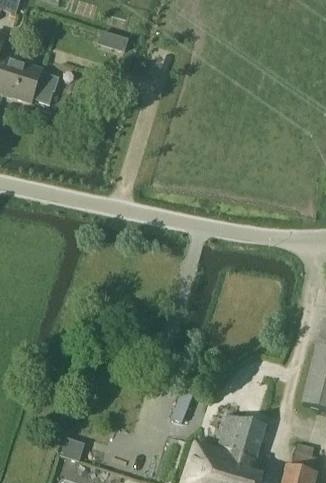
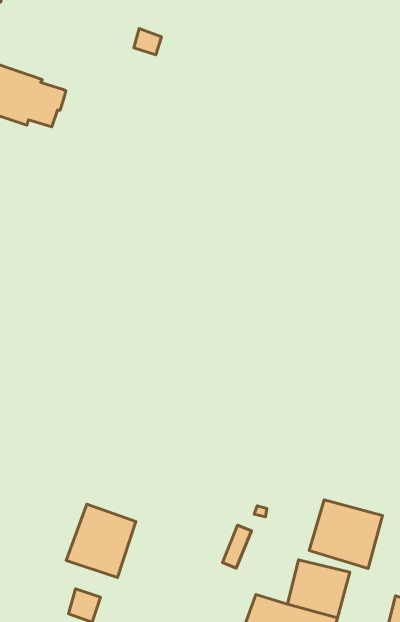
building: none -> [309,500,383,568]
building: none -> [66,504,136,578]

